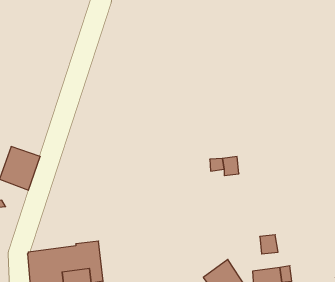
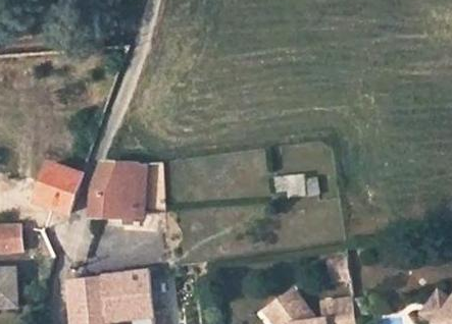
building: none -> [91,163,164,218]

